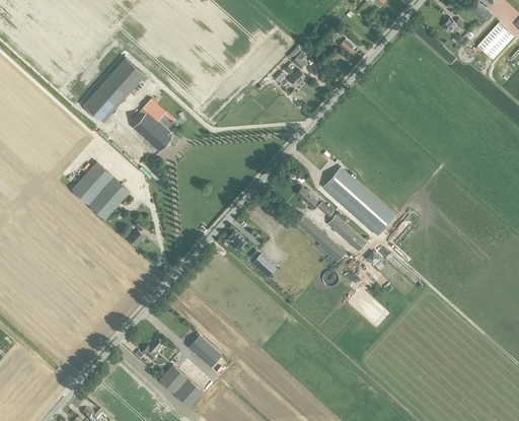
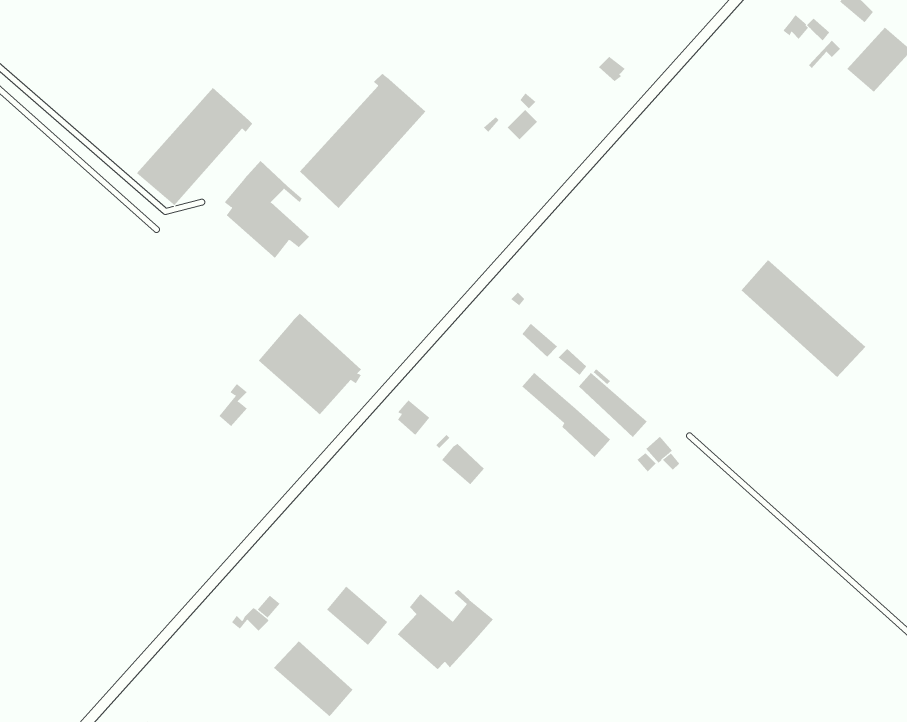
building: none -> [299,73,426,209]
building: [72,162,130,219] -> [258,313,362,415]
building: [324,168,394,234] -> [740,259,866,378]
building: none -> [397,589,494,670]

